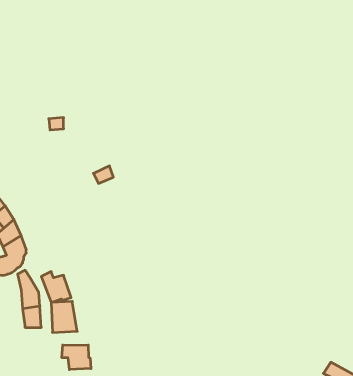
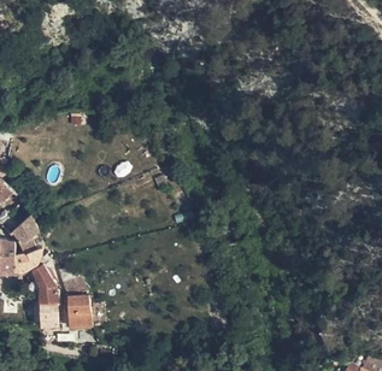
building: [62,345,91,370] -> none

